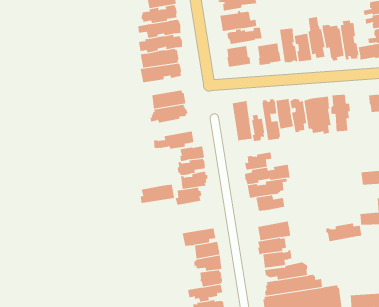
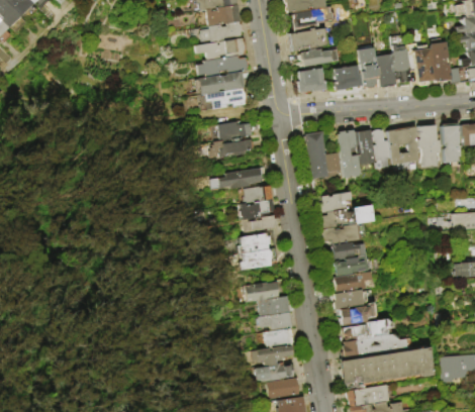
building: none -> [441,122,460,169]
building: [140,184,175,203] -> [241,246,281,269]
building: [325,223,362,242] -> [333,254,375,277]

